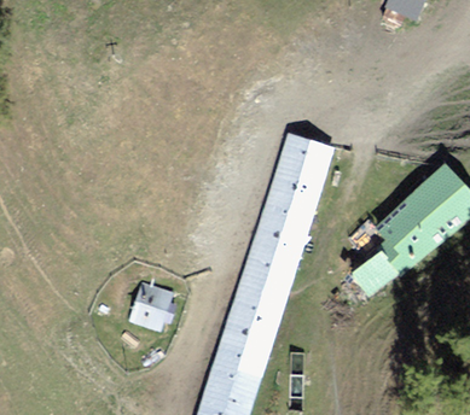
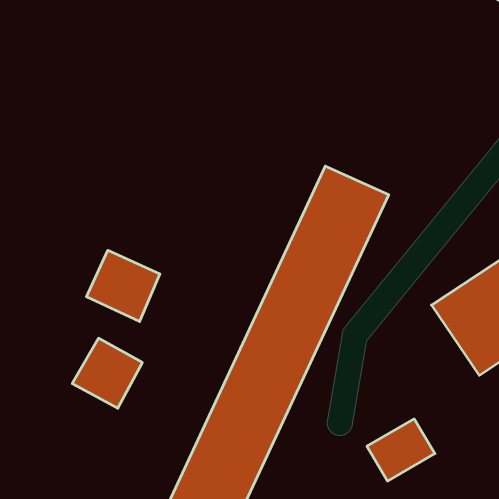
building: none -> [86,250,160,322]
building: [355,247,405,294] -> [367,419,435,481]

